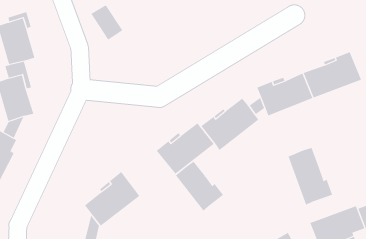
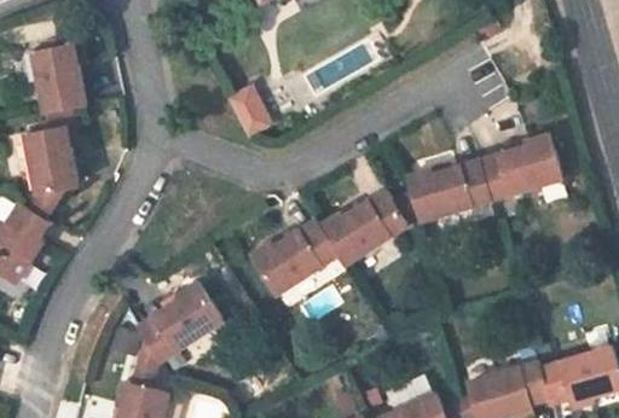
building: [91,4,123,40] -> [227,85,273,138]
building: [288,147,333,206] -> none
building: [175,161,224,211] -> none

